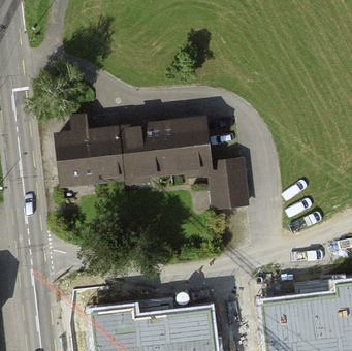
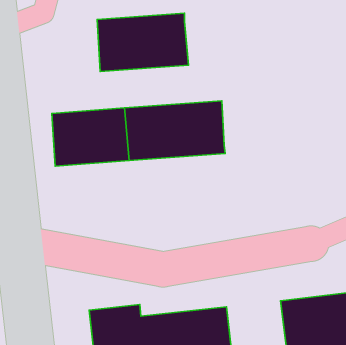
building: none -> [97,13,188,72]
building: [210,161,248,205] -> none

